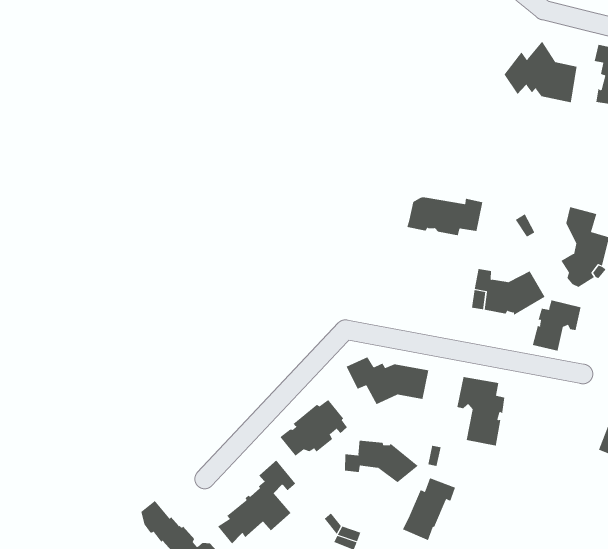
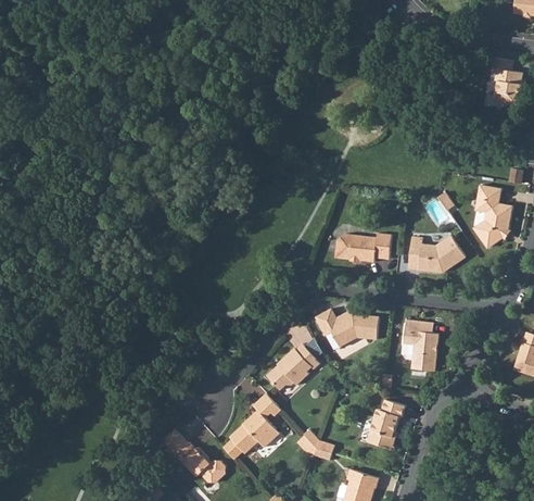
building: [504,41,577,103] -> none
building: [407,197,483,236] -> [333,233,391,262]
building: [532,300,581,351] -> none
building: [344,440,419,483] -> none

